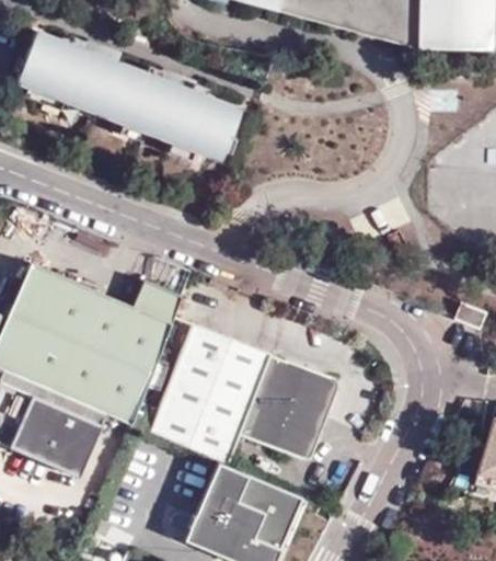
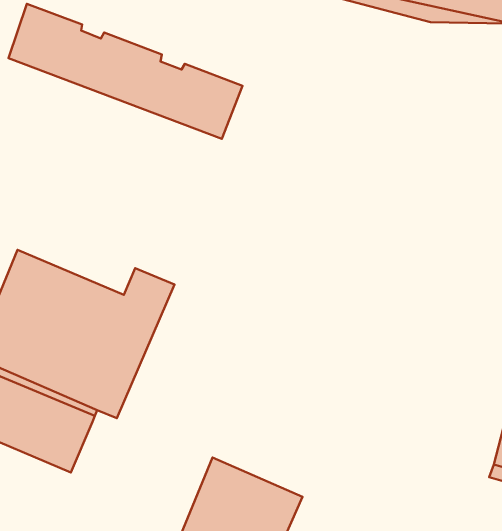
building: [153,319,341,462] -> none

